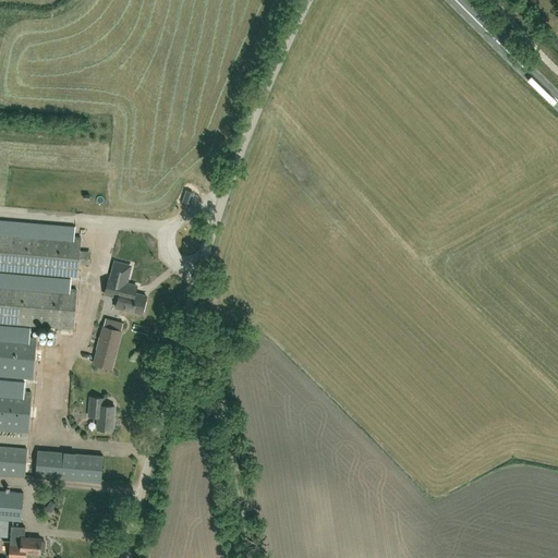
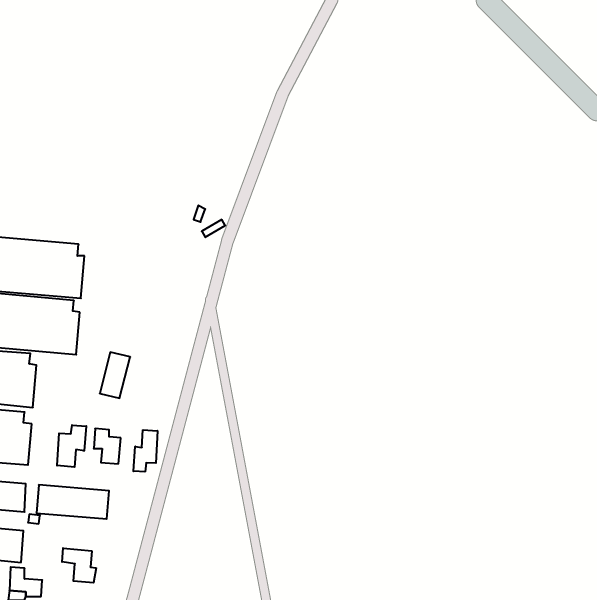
building: [104,267,144,314] -> none
building: none -> [57,425,86,467]
building: none -> [133,430,157,472]
building: none -> [62,548,96,583]

